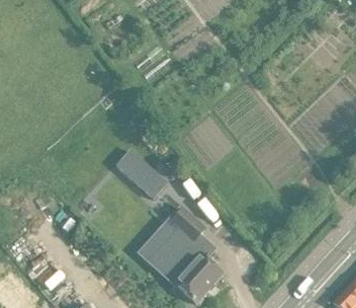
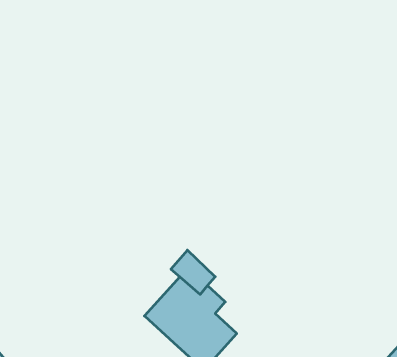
building: [115,149,166,198] -> none

